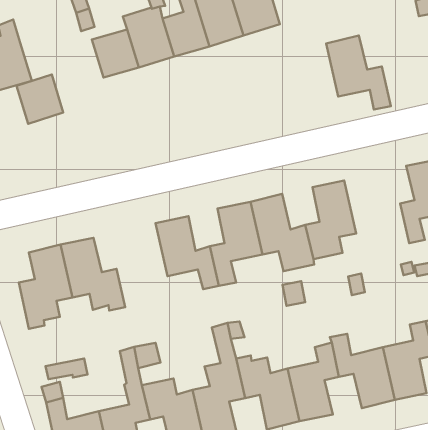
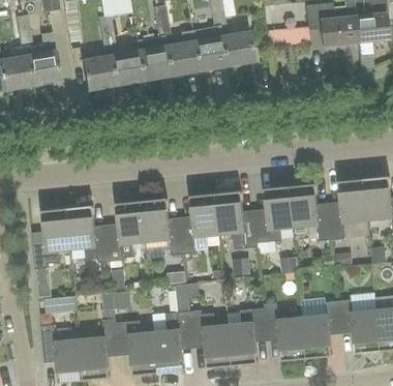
building: [326,35,391,110] -> [290,183,333,241]
building: [17,75,63,124] -> [83,55,116,90]
building: none -> [108,201,146,262]

